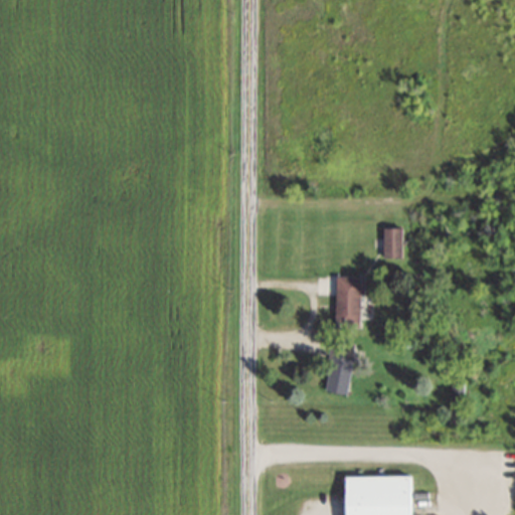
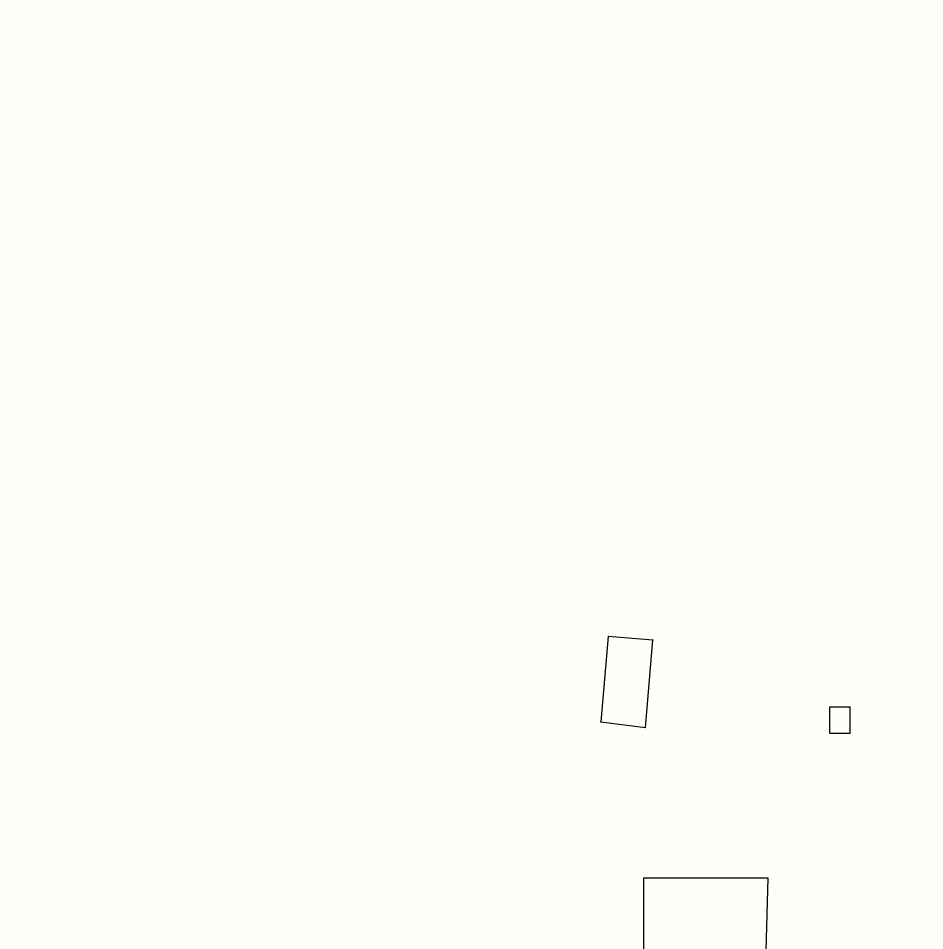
building: [381,228,402,258] -> none
building: [334,277,360,326] -> none

